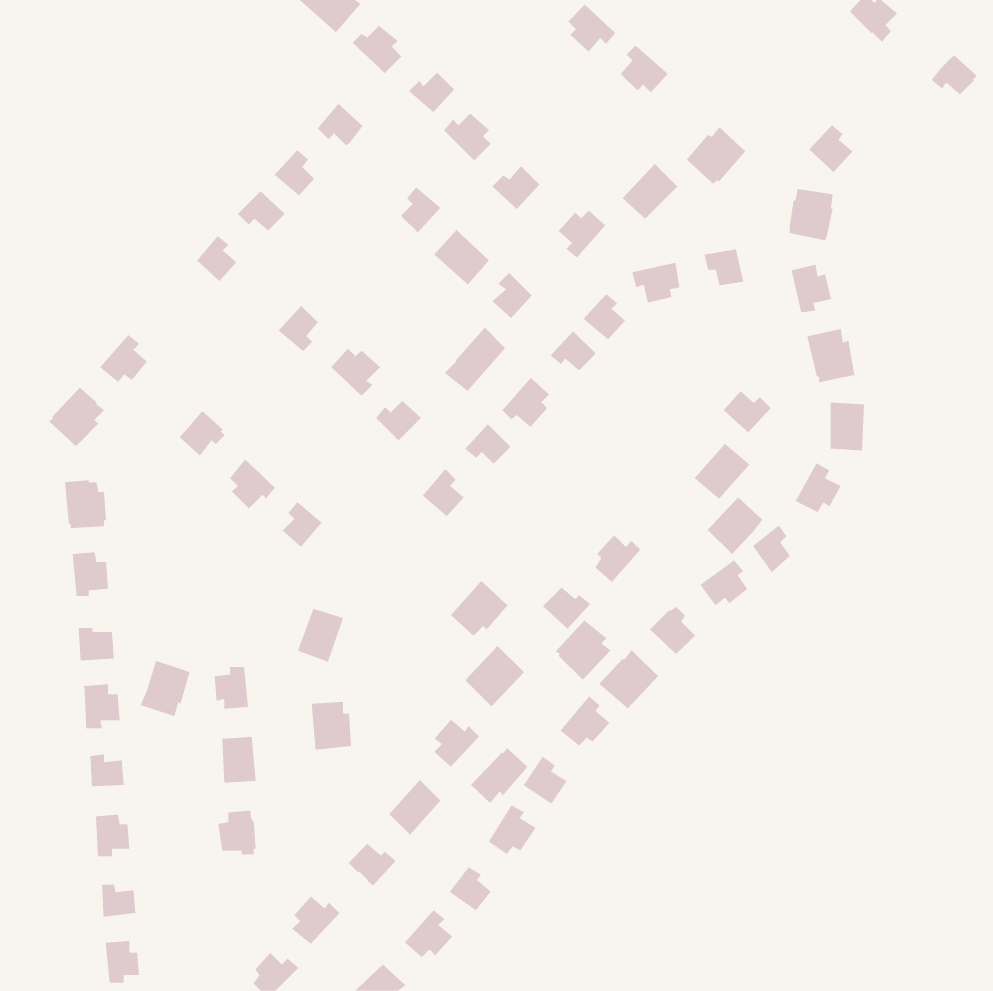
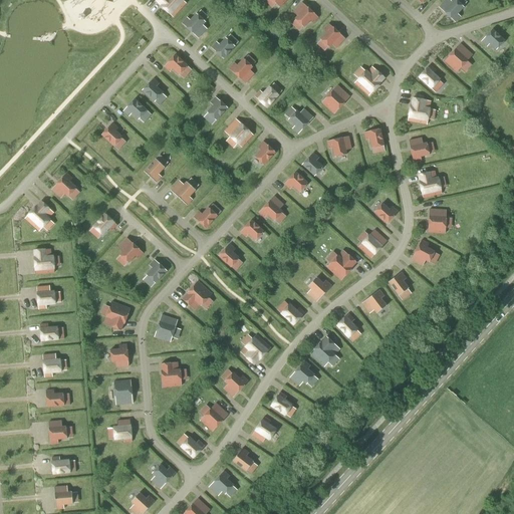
building: none -> [444,43,473,71]
building: [444,327,506,392] -> none
building: [707,497,763,555] -> [327,250,356,280]
building: [450,580,508,636] -> [182,280,212,309]
building: [555,620,612,680] -> none
building: [140,660,190,717] -> [103,301,130,330]
building: [470,747,528,804] -> none

